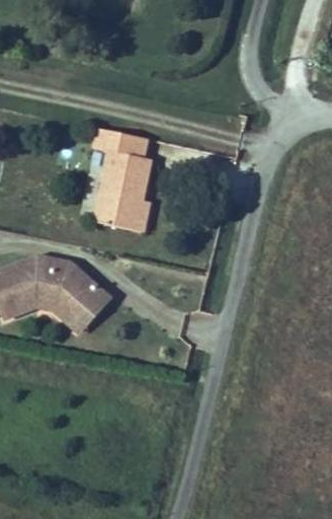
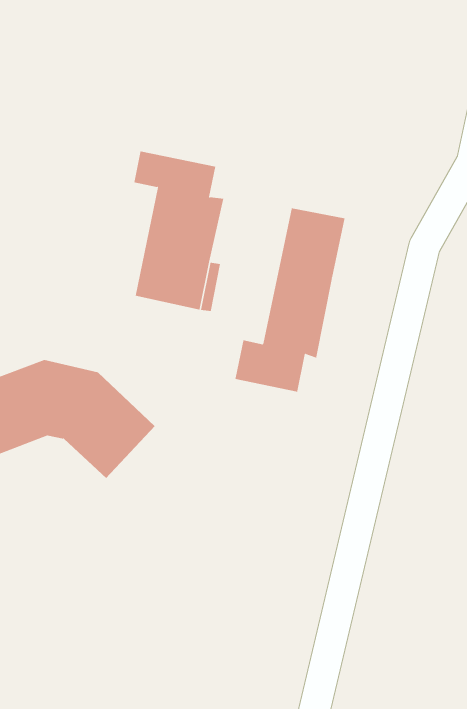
building: none -> [235,208,345,393]

